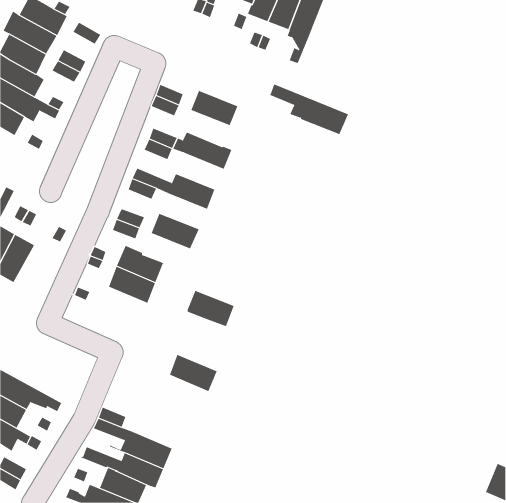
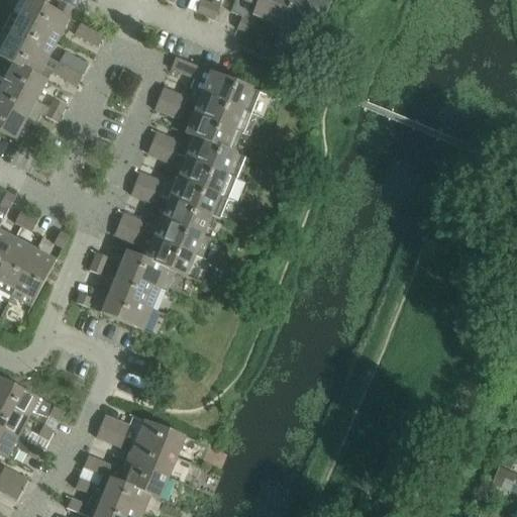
building: [270,83,349,135] -> [171,56,251,108]
building: none -> [186,112,234,149]
building: none -> [179,156,228,193]
building: none -> [162,197,211,233]
building: none -> [14,249,55,298]
building: none -> [102,292,150,328]
building: [187,290,234,327] -> [145,237,194,275]
building: [169,354,218,392] -> [135,418,185,456]

